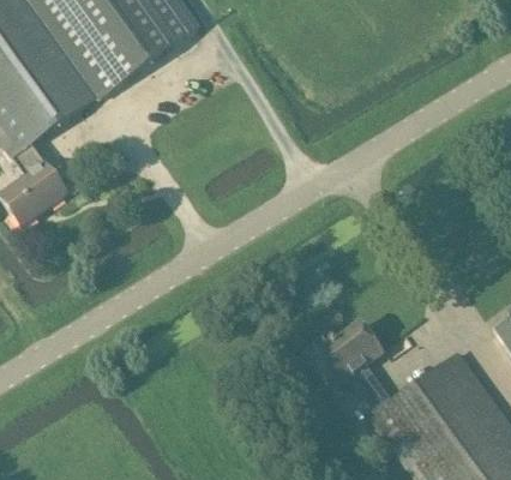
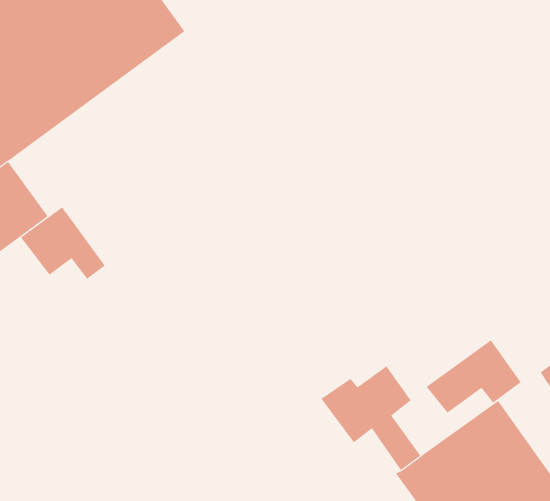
building: none -> [20,206,105,280]
building: none -> [426,340,522,413]

